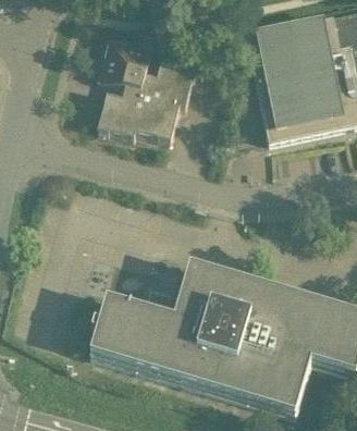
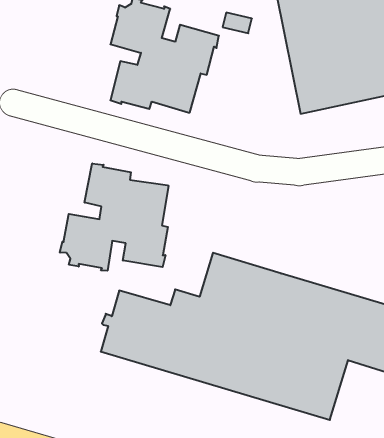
building: none -> [60,163,168,271]

